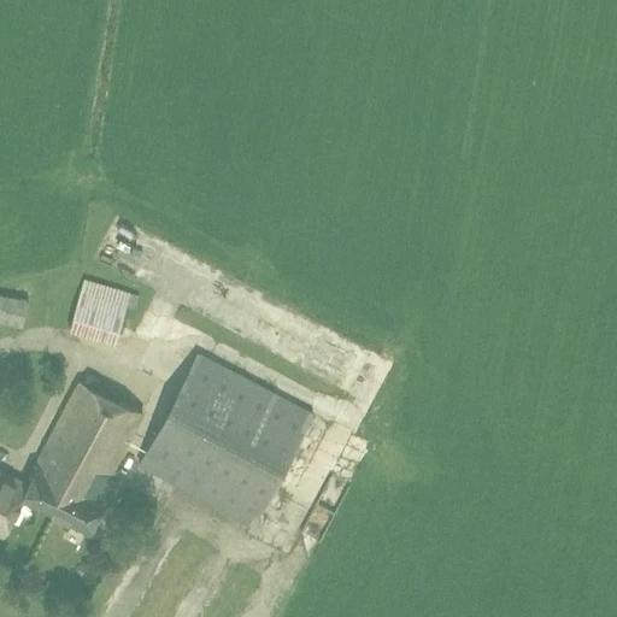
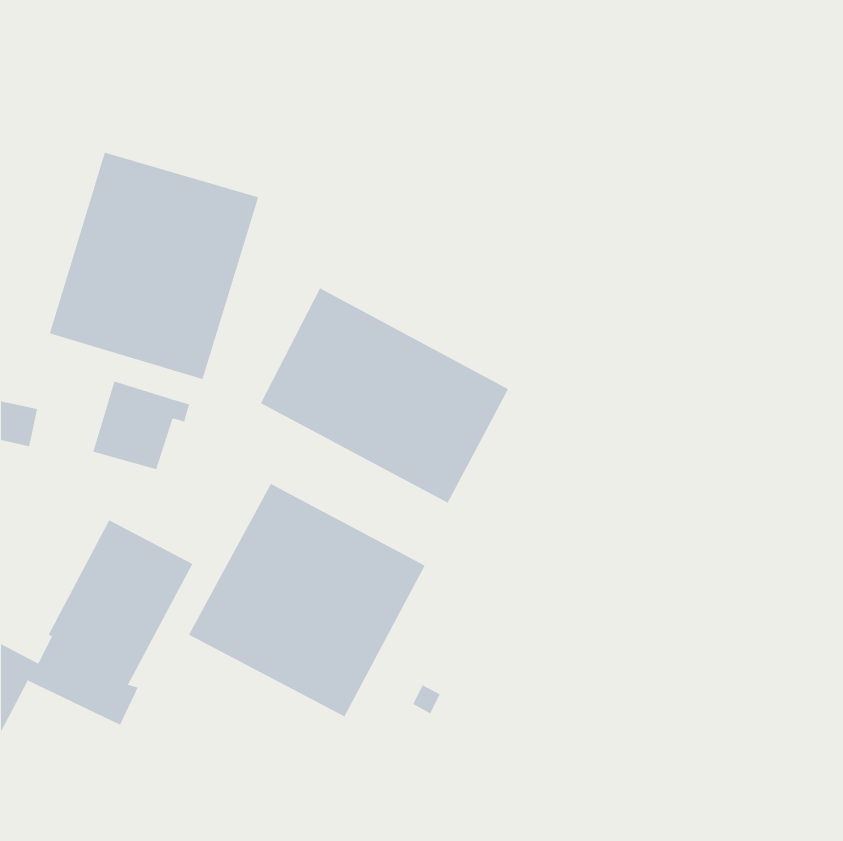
building: none -> [49,152,259,380]
building: none -> [260,288,509,503]

